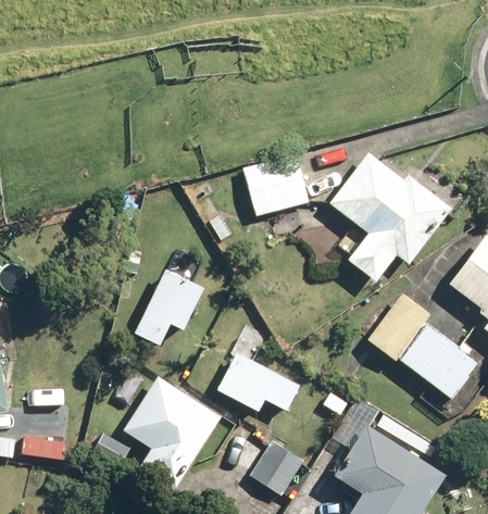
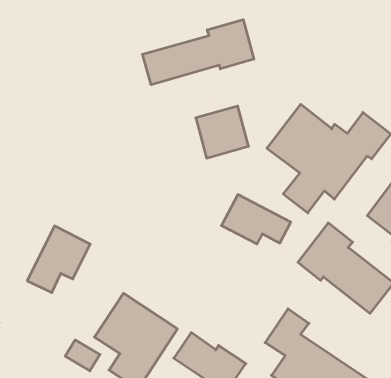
building: none -> [142,20,254,85]
building: [130,266,205,346] -> [27,226,90,293]
building: [217,352,300,411] -> [221,195,291,244]

